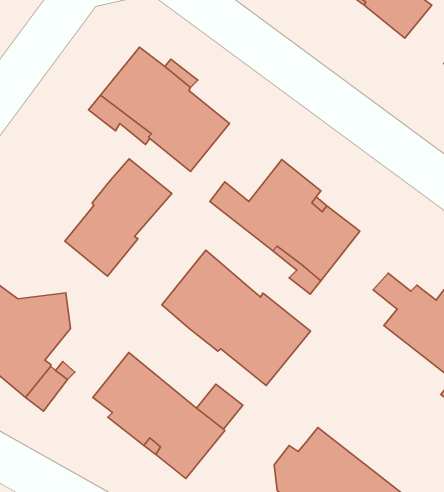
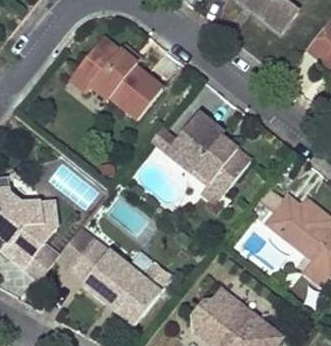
building: [65,159,172,276] -> none
building: [162,250,310,386] -> none

